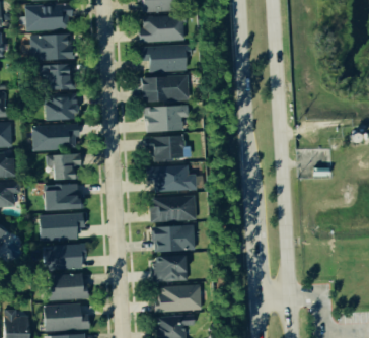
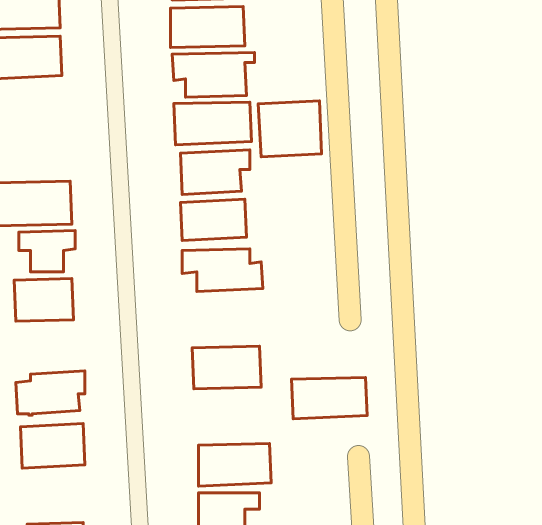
building: [43,64,72,90] -> none
building: none -> [258,101,321,157]
building: [45,96,77,121] -> none
building: [150,197,197,222] -> [291,378,367,419]
building: [40,213,83,240] -> none
building: [153,256,187,281] -> none
building: [45,300,91,328] -> none

